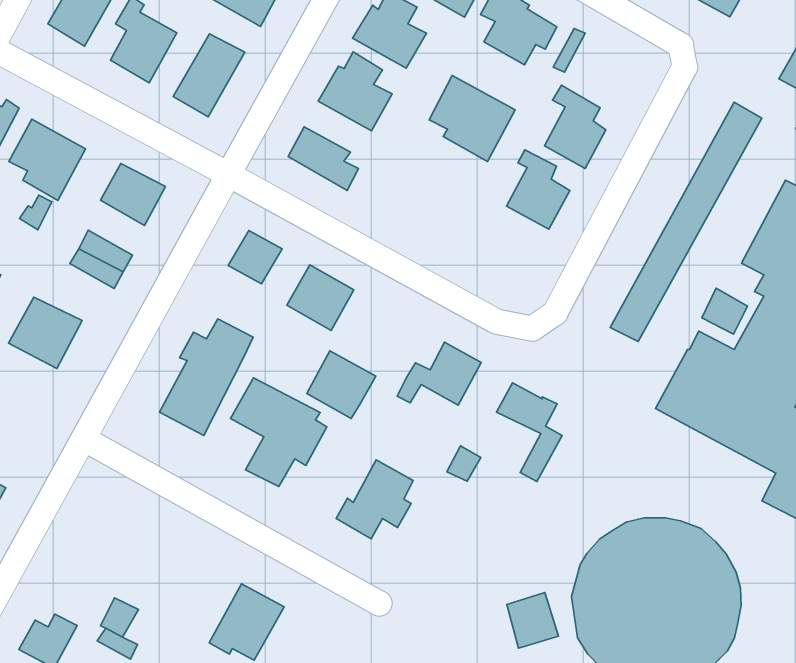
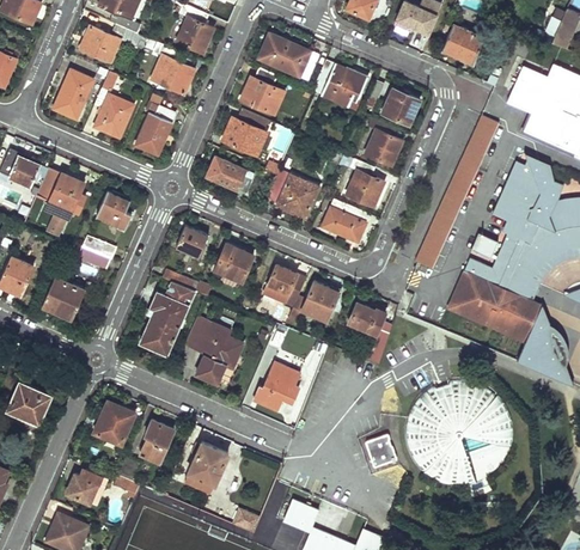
building: none -> [381,88,420,126]
building: [429,75,515,162] -> [265,169,318,220]
building: none -> [329,202,365,242]
building: [307,351,376,418] -> [263,265,305,306]
building: none -> [92,401,135,446]
building: none -> [139,421,173,463]

